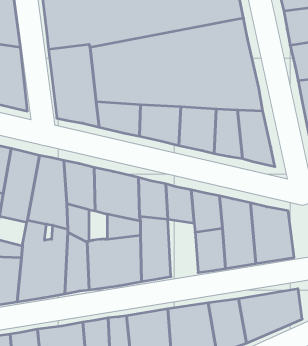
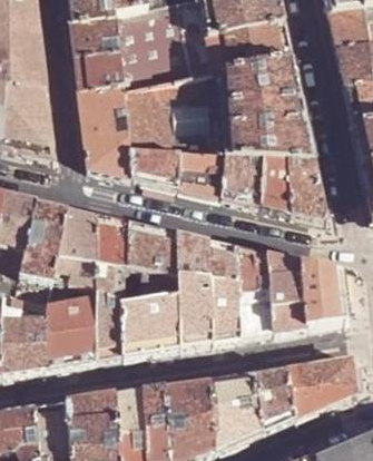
building: none -> [209,278,243,342]

